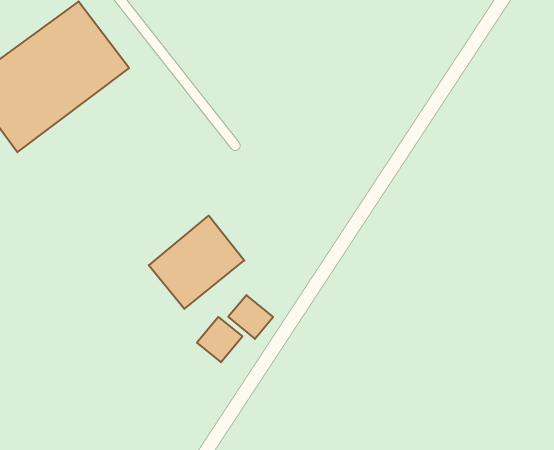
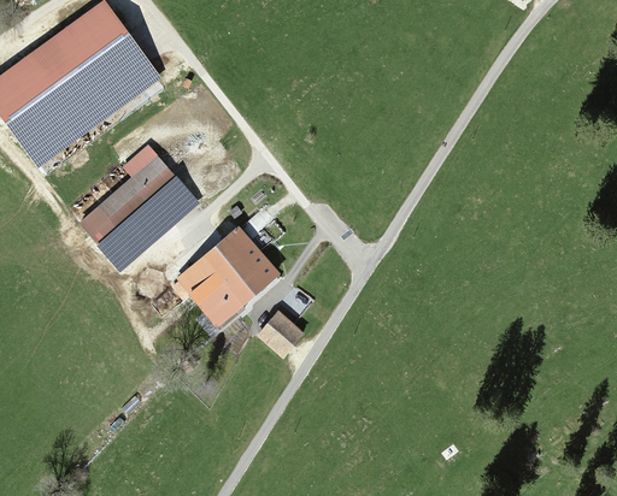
building: none -> [82,147,196,266]
building: [197,317,242,362] -> none

